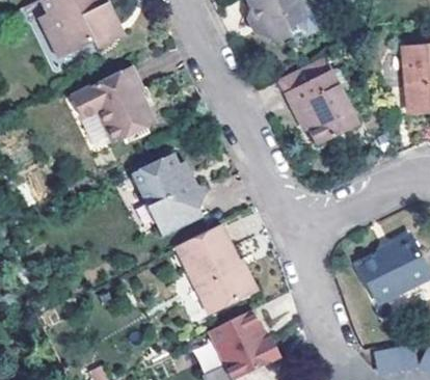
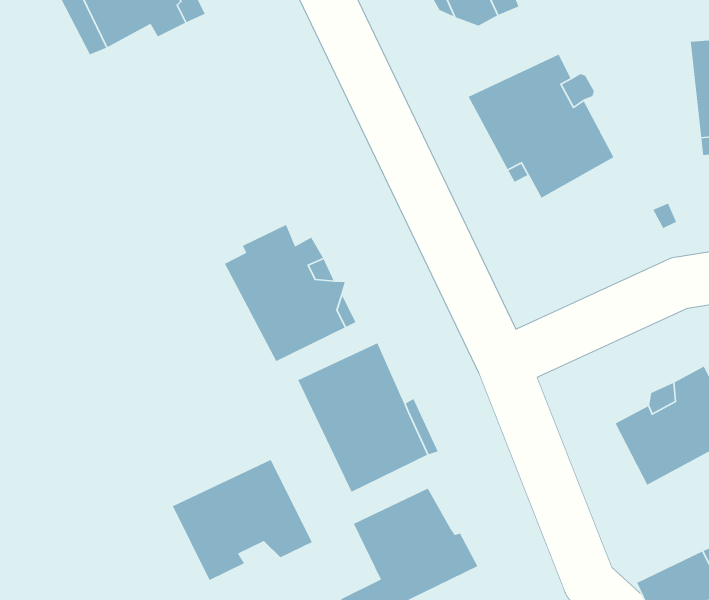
building: [68,67,155,143] -> none
building: none -> [172,459,313,581]

